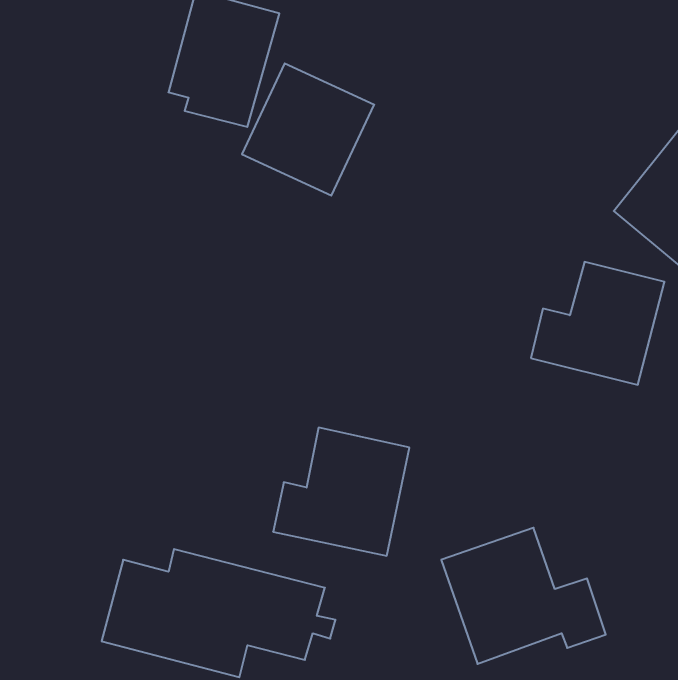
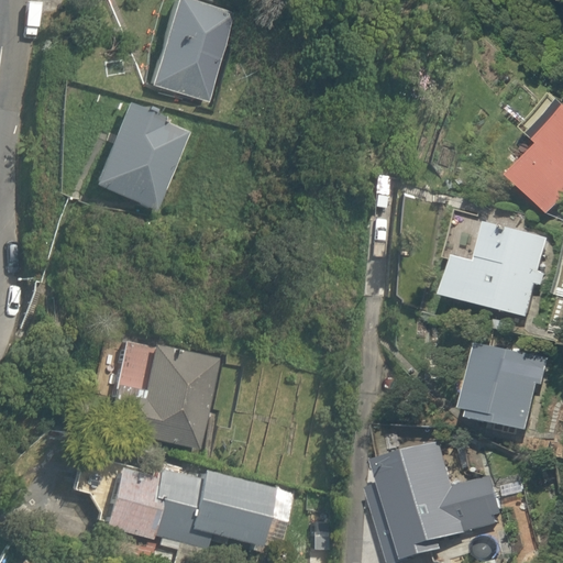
building: [242,63,374,196] -> [84,103,192,212]
building: none -> [461,344,552,429]
building: [273,428,409,556] -> [107,339,219,444]

